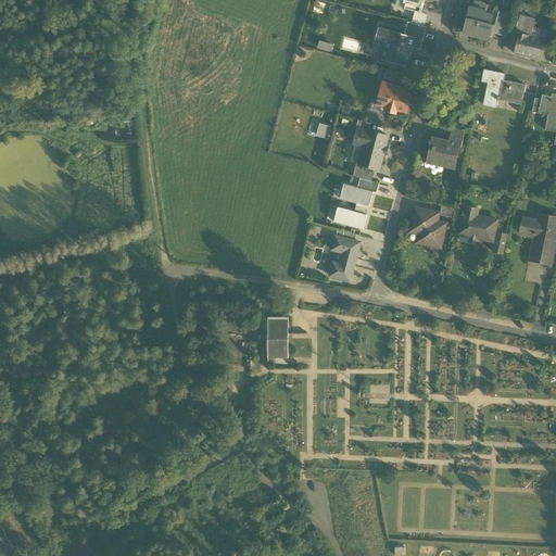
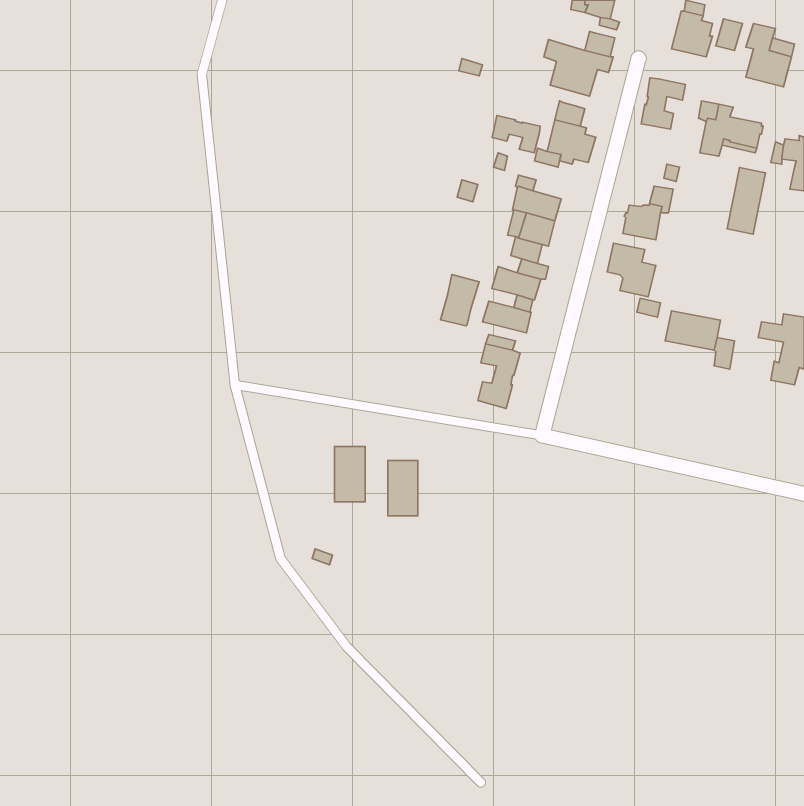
building: none -> [641,78,686,129]
building: none -> [492,116,540,153]
building: none -> [727,167,766,234]
building: none -> [440,275,479,326]
building: [410,210,444,247] -> [607,243,656,297]
building: none -> [334,446,365,502]

